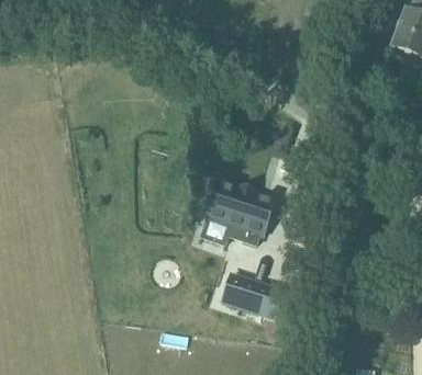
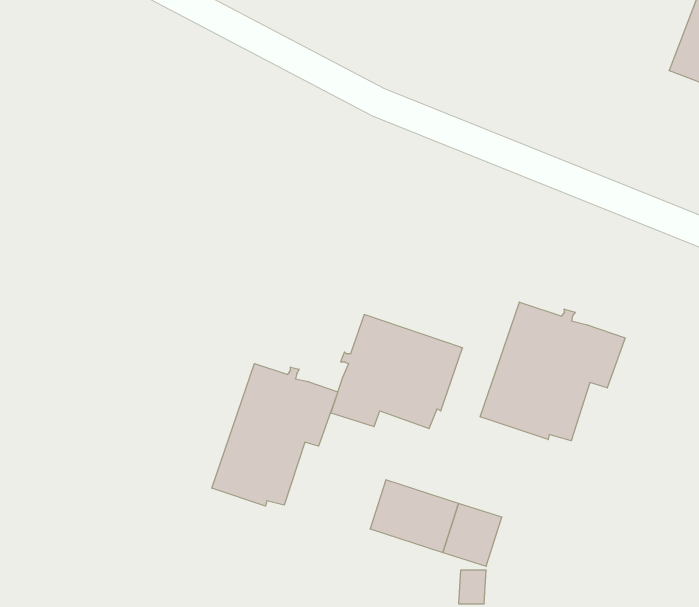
building: none -> [480,302,625,441]
building: none -> [212,364,338,506]

